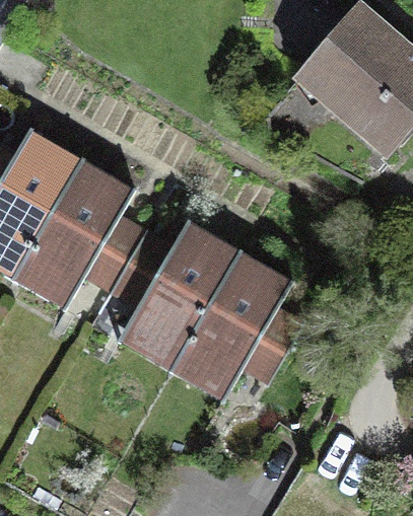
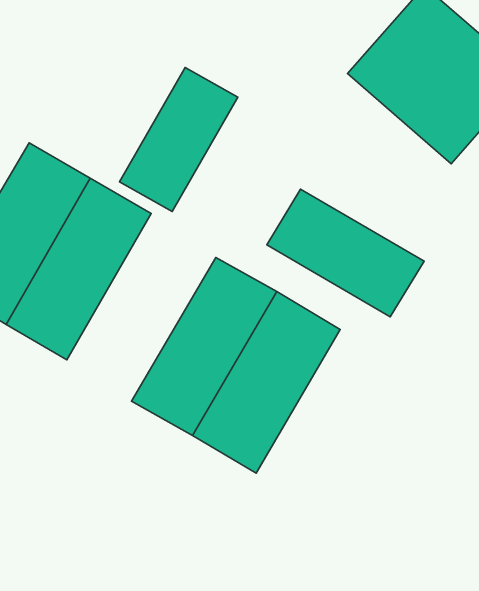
building: none -> [119,67,238,212]
building: none -> [267,189,424,317]

